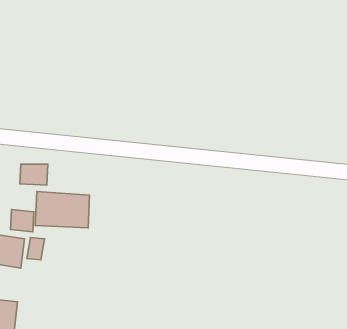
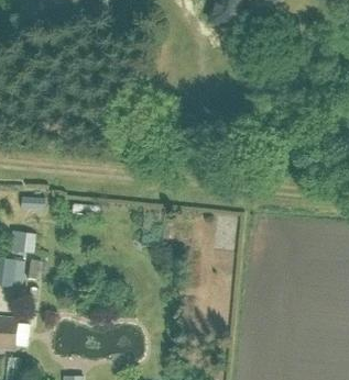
building: [35,192,90,228] -> none

